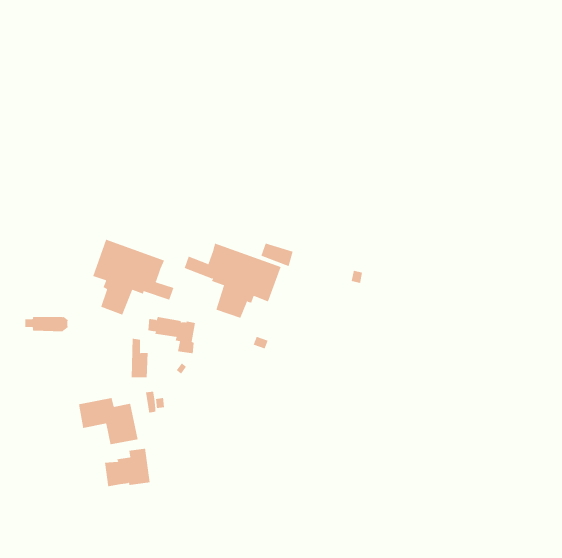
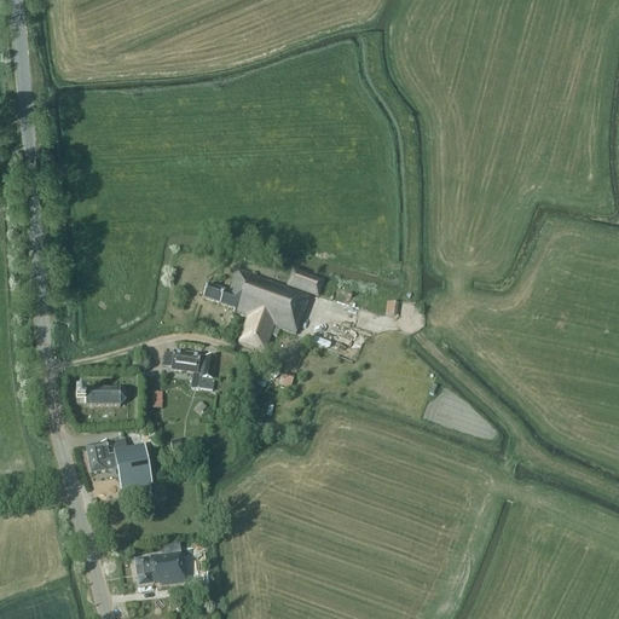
building: [93,239,174,316] -> none
building: [24,315,69,332] -> [76,387,126,405]
building: [104,448,150,487] -> [134,543,185,585]

